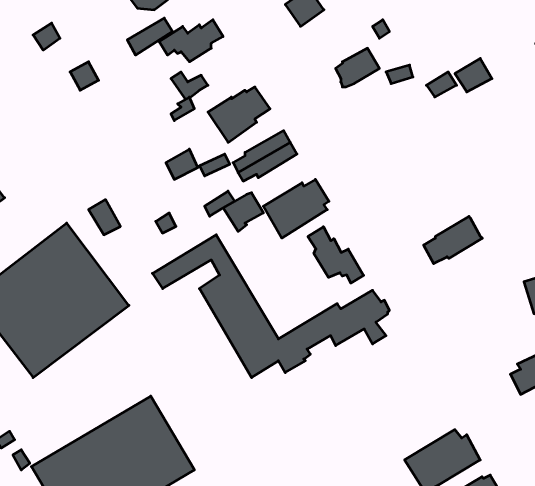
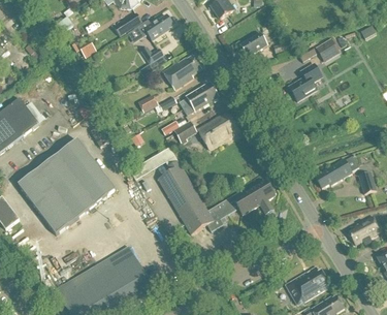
building: none -> [288,64,321,101]
building: [424,216,482,264] -> [315,160,351,189]
building: [308,227,364,283] -> none

